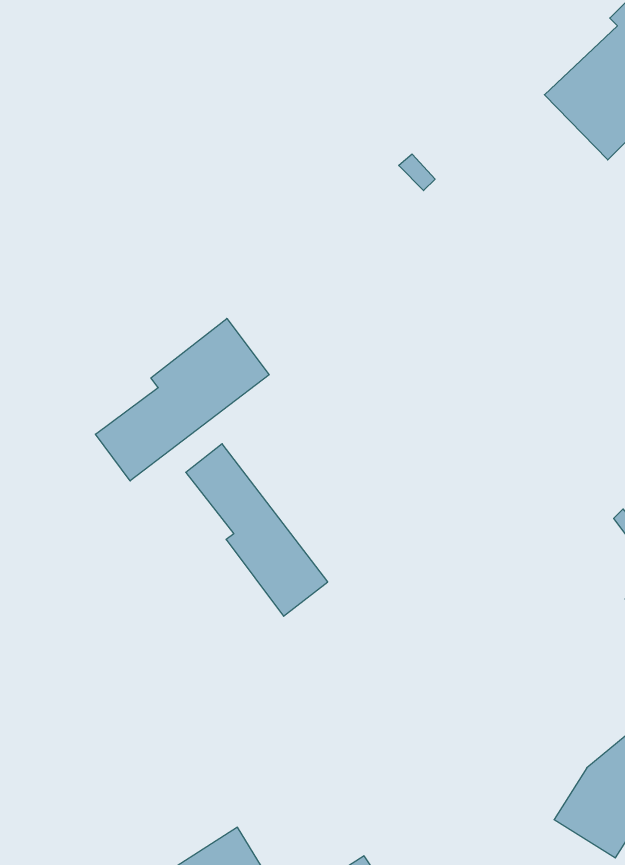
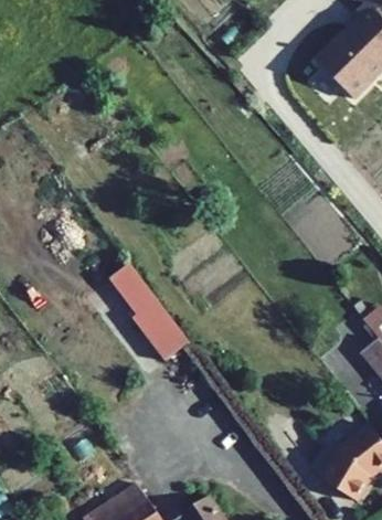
building: [95,318,269,481] -> none

